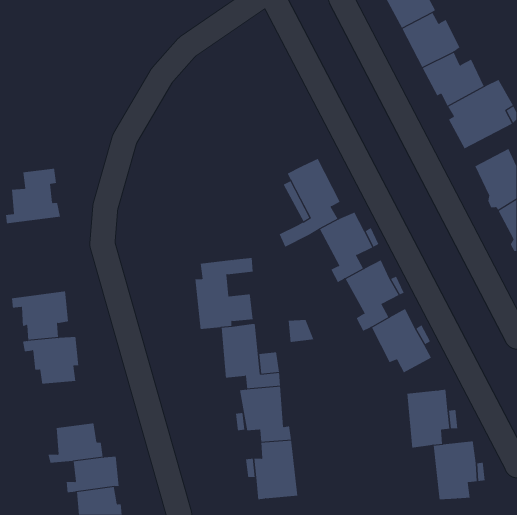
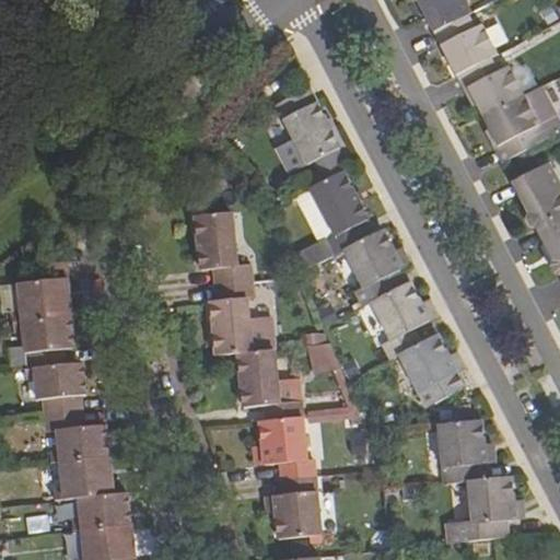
building: none -> [277,86,343,179]
building: [5,168,61,224] -> [11,261,71,322]
building: none -> [195,212,252,284]
building: none -> [45,411,107,463]

